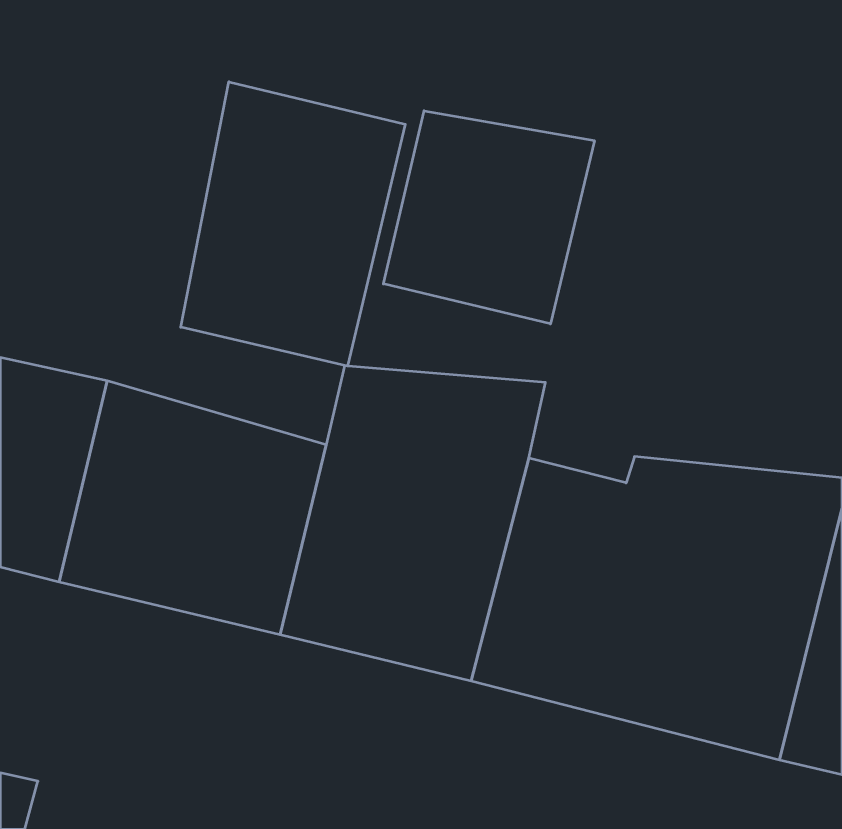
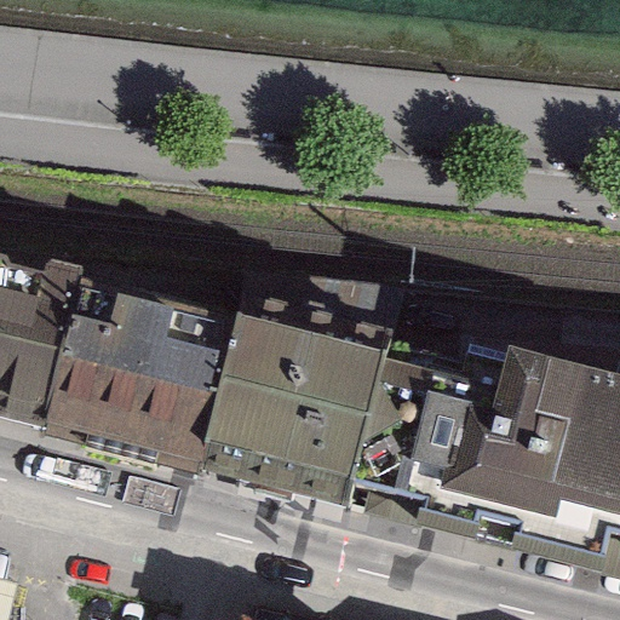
building: [181,82,405,366] -> none
building: [383,111,594,324] -> none

